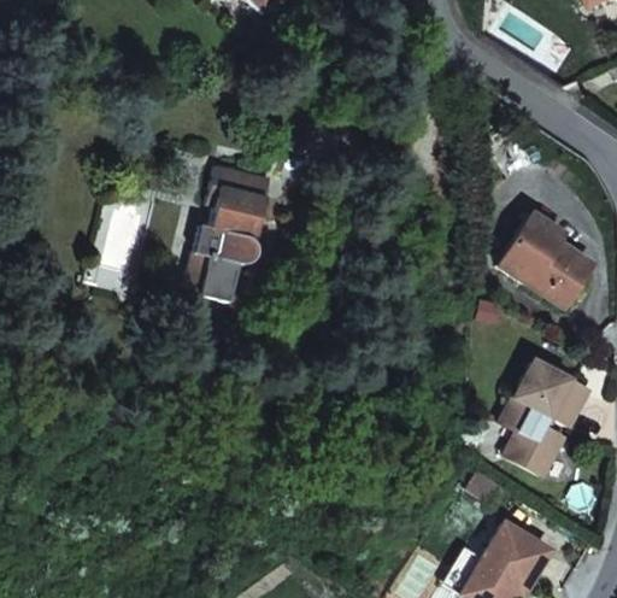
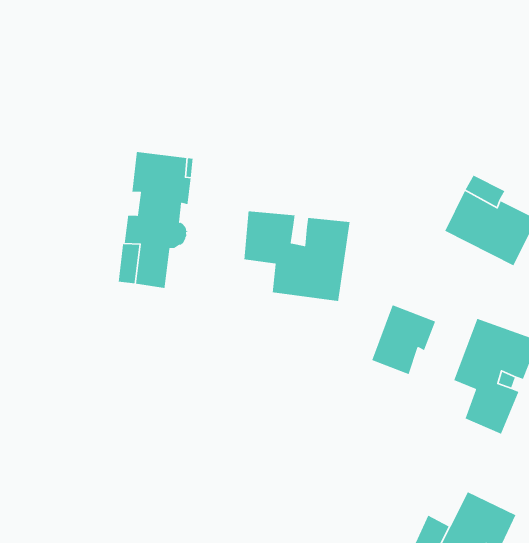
building: none -> [244,210,350,302]
building: none -> [371,304,436,375]

